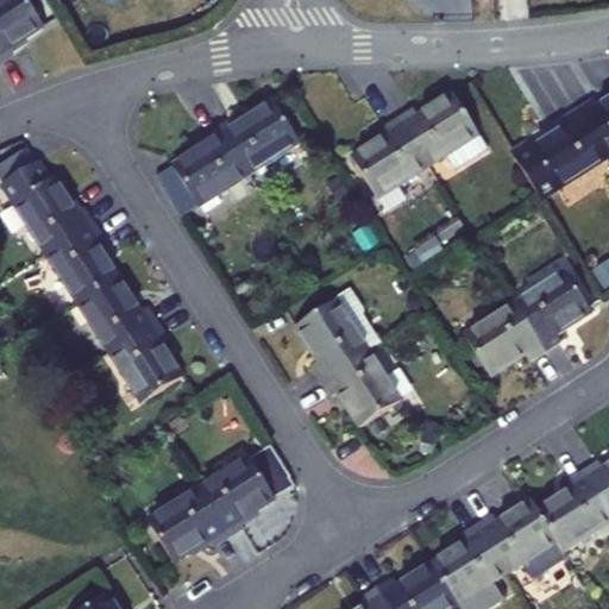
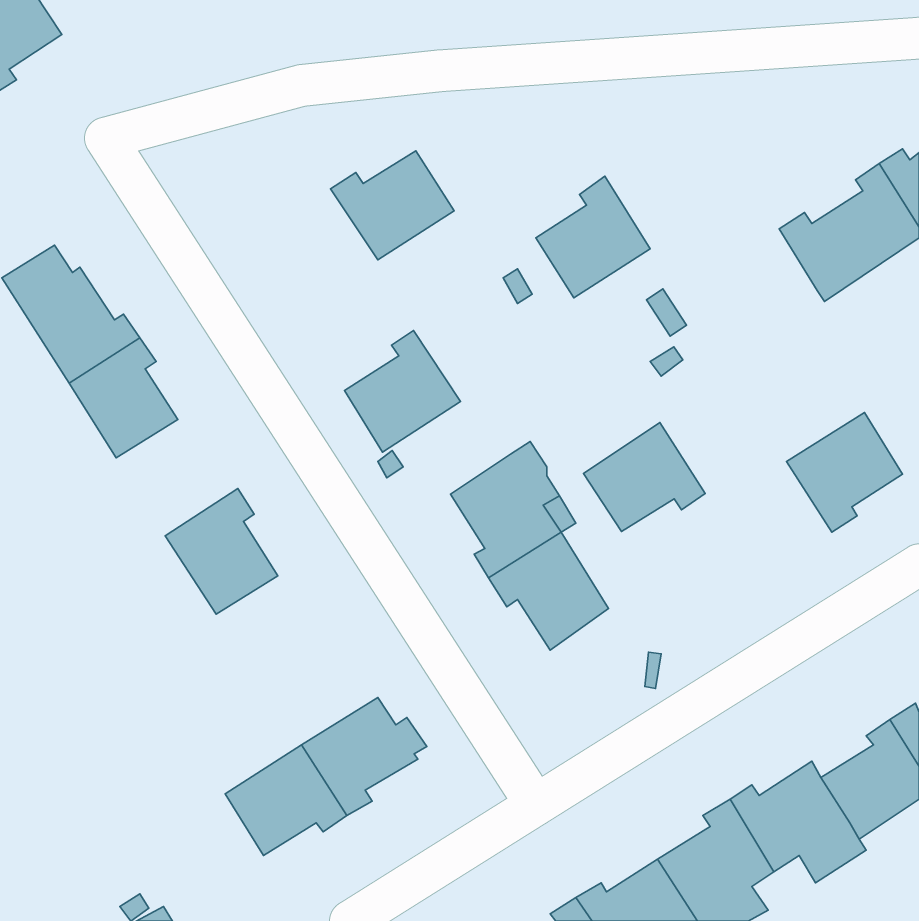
building: [396,90,485,168] -> none
building: [171,124,247,203] -> [344,331,461,452]
building: [76,275,156,351] -> none
building: [465,302,545,373] -> [583,423,705,532]

